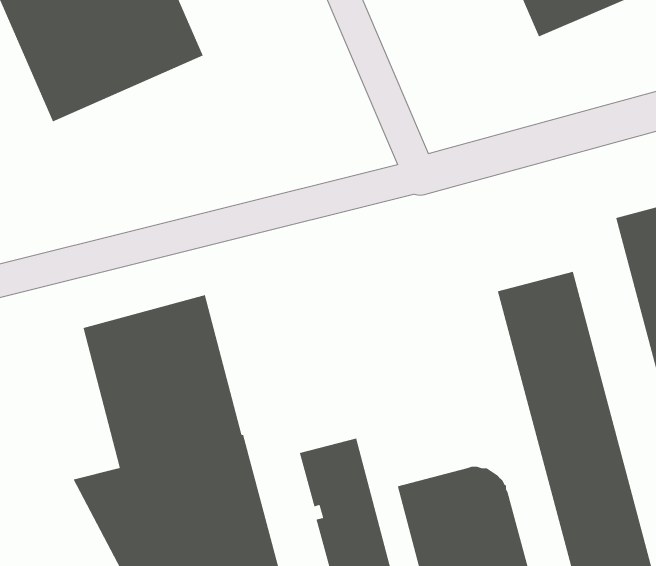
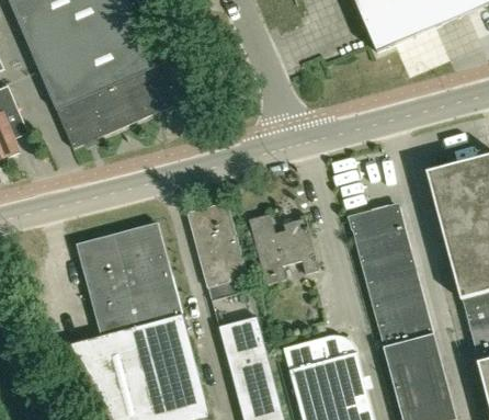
building: none -> [56,64,173,147]
building: none -> [187,202,249,294]
building: none -> [249,213,318,283]

